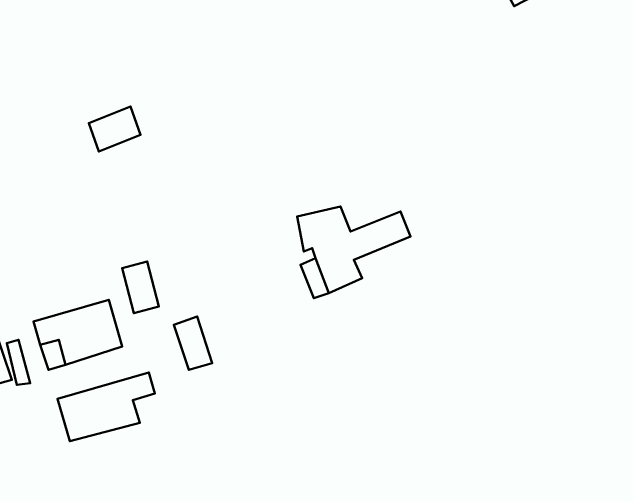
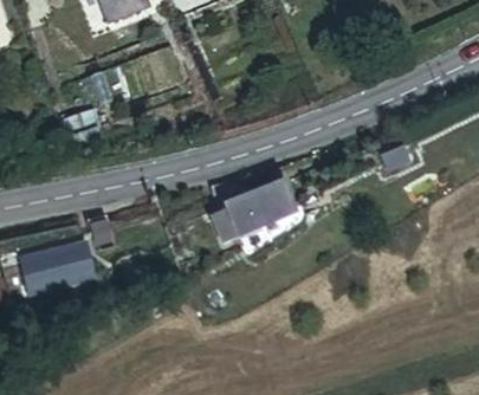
building: [57,372,155,441] -> none

